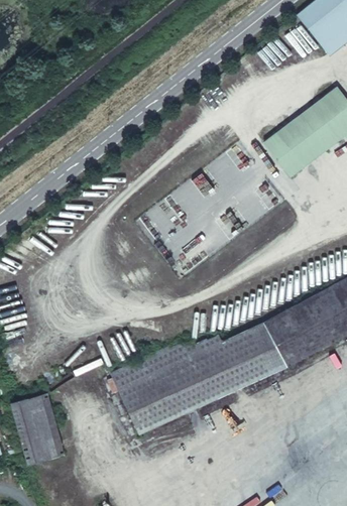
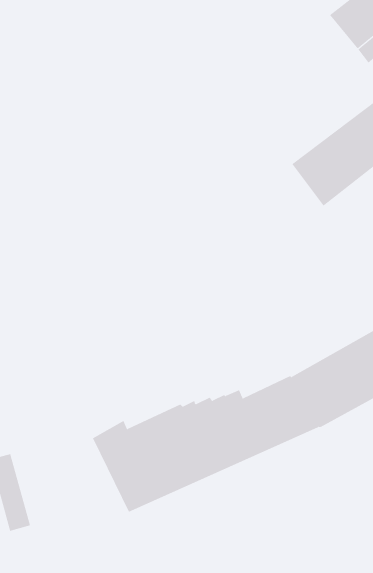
building: [26,384,64,451] -> none

